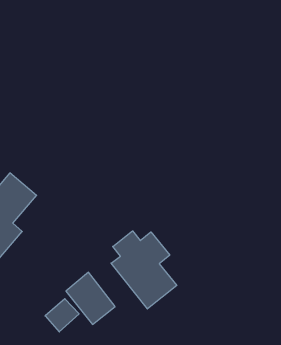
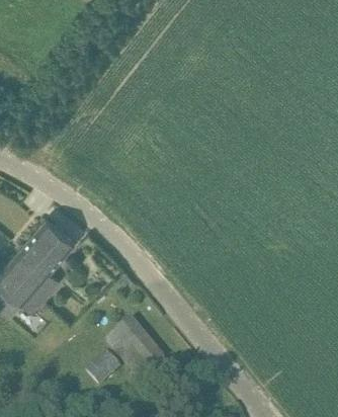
building: [111,231,177,309] -> none

